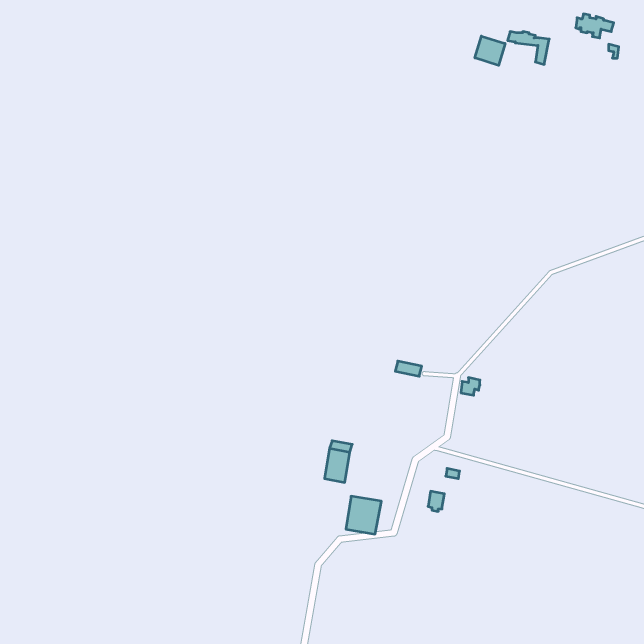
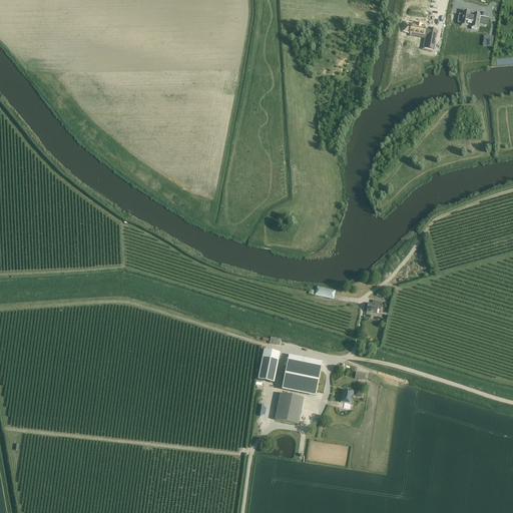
building: [475,36,505,65] -> none
building: none -> [282,355,322,392]

